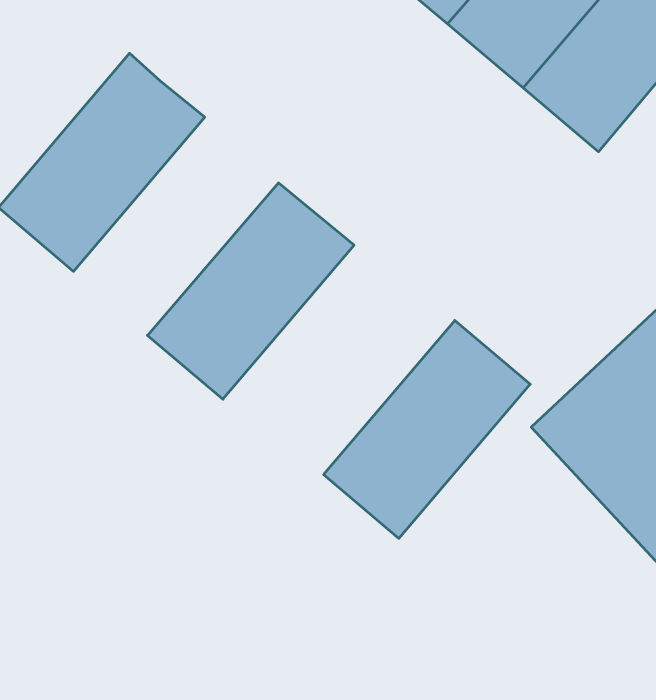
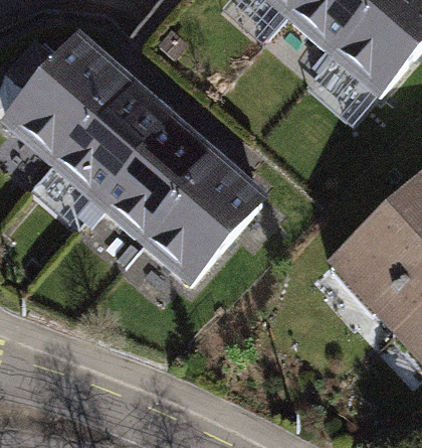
building: none -> [50,79,176,212]
building: [324,320,530,538] -> [142,157,268,291]

